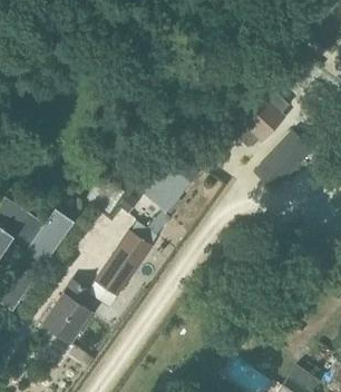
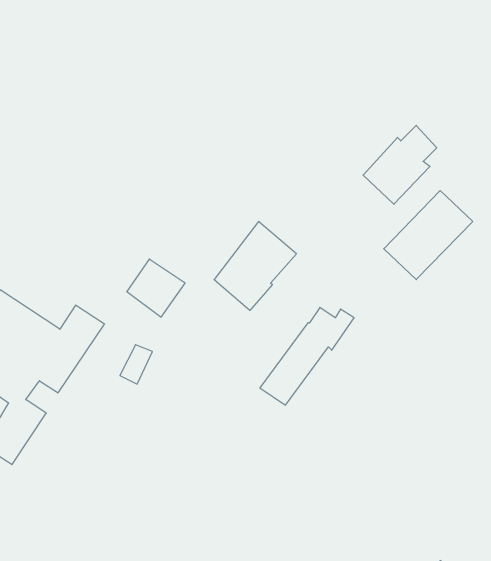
building: [96,228,157,292] -> [260,307,354,405]
building: [45,280,91,342] -> none

